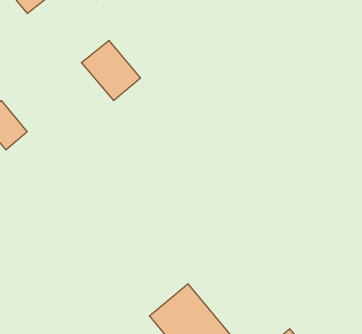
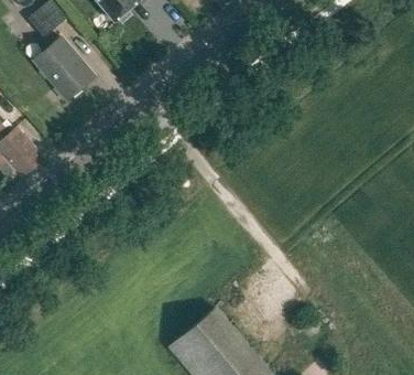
building: [81,40,140,100] -> [34,35,95,97]

